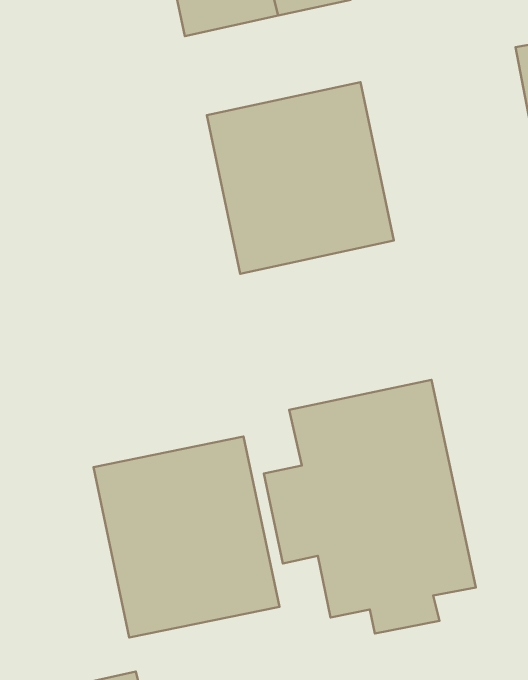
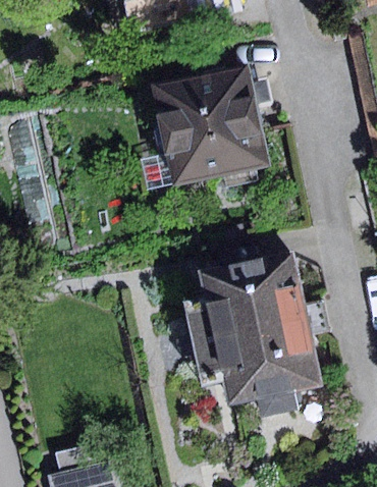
building: [93,436,279,638] -> none

